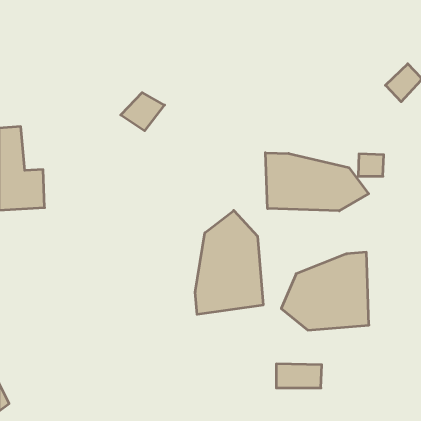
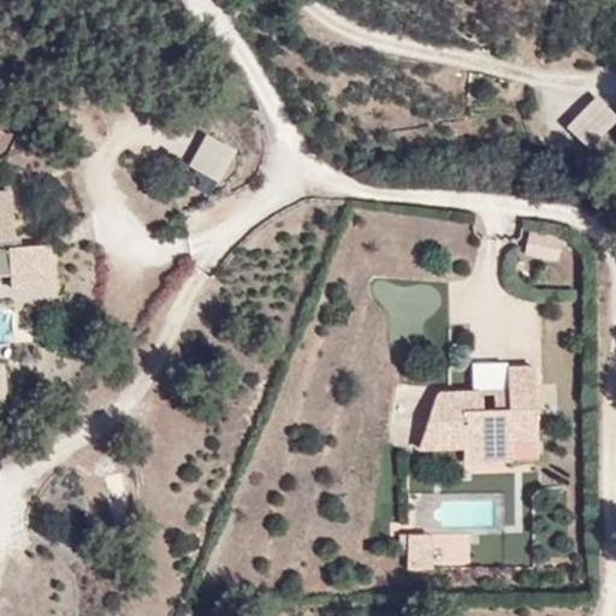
building: [265,153,369,211] -> none
building: [195,210,263,314] -> none

